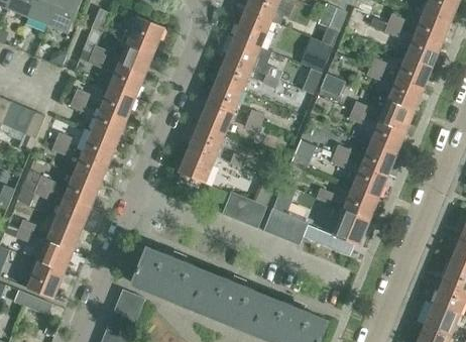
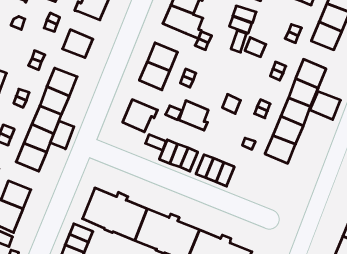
building: [118,43,152,76] -> none
building: [216,58,251,91] -> none
building: [387,78,423,110] -> [310,92,341,120]
building: [100,87,135,119] -> none
building: [190,123,224,157] -> [179,101,208,130]
building: none -> [50,121,74,149]
building: [307,206,369,249] -> none
building: [46,217,82,249] -> none

